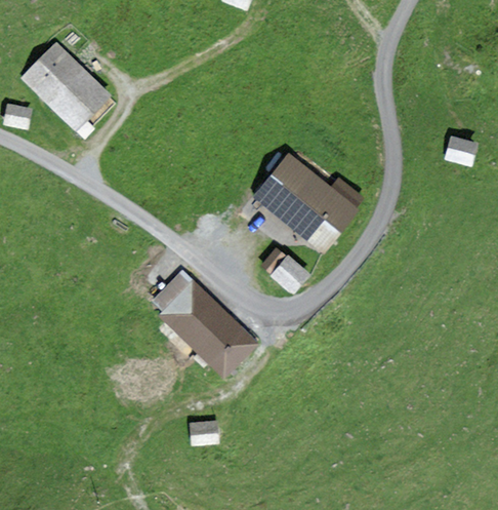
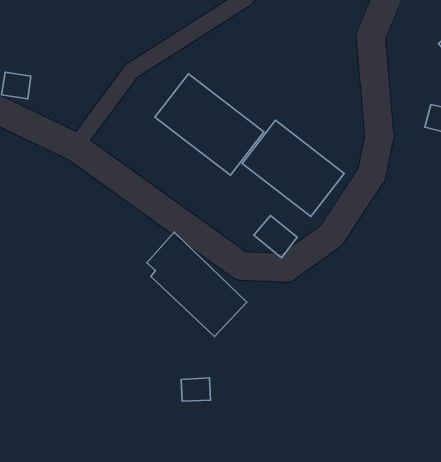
building: [22,42,111,131] -> none
building: none -> [155,74,264,175]

